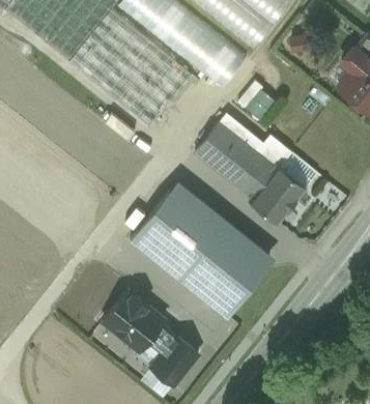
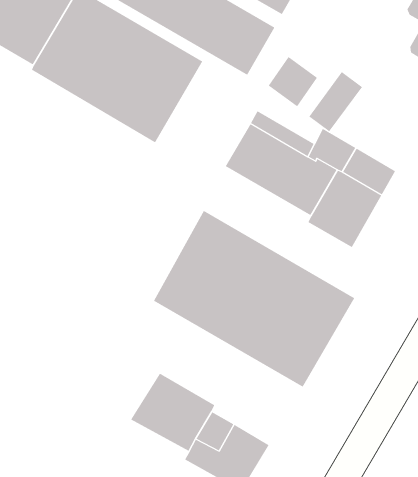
building: none -> [308,71,363,132]

